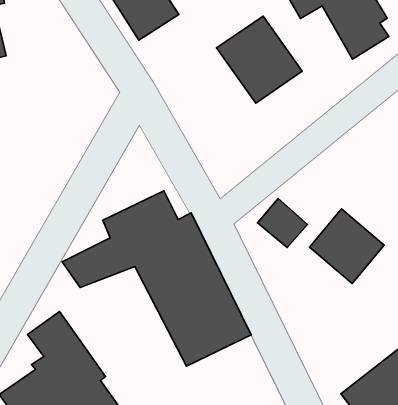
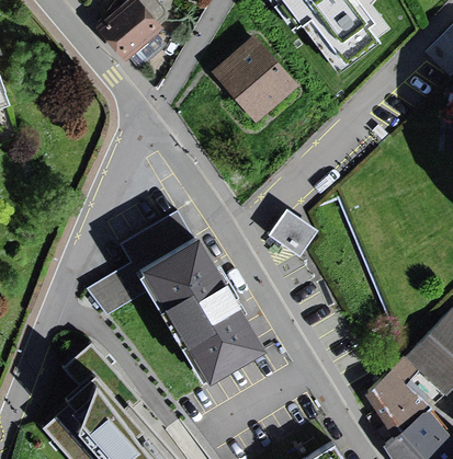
building: [310,209,384,284] -> none

